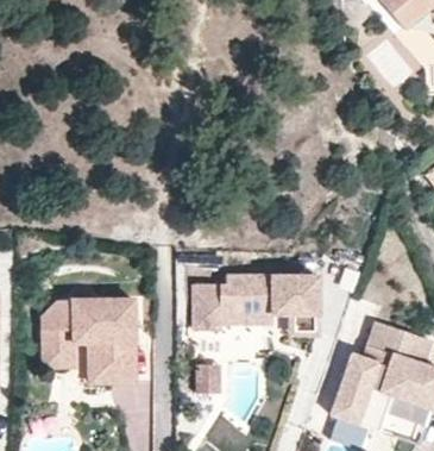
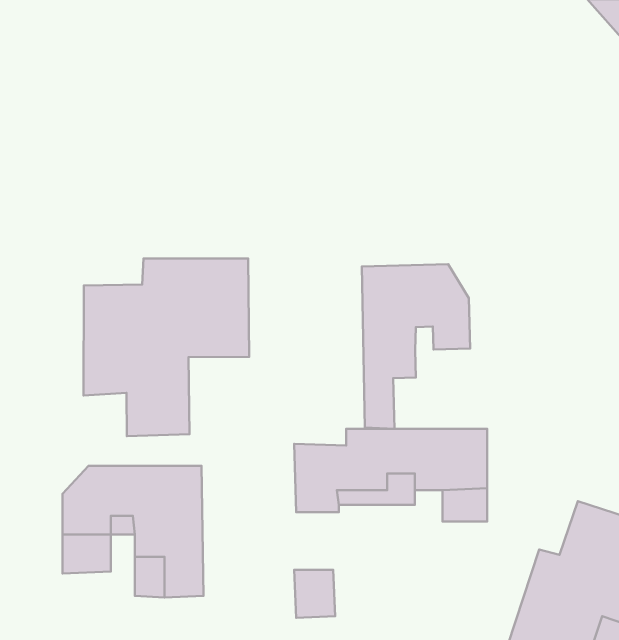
building: none -> [84,259,249,436]
building: none -> [362,264,470,429]

